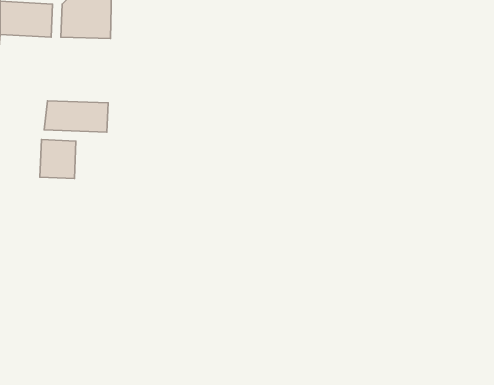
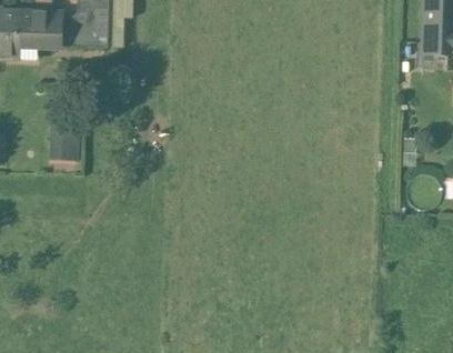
building: [44,101,108,132] -> none

